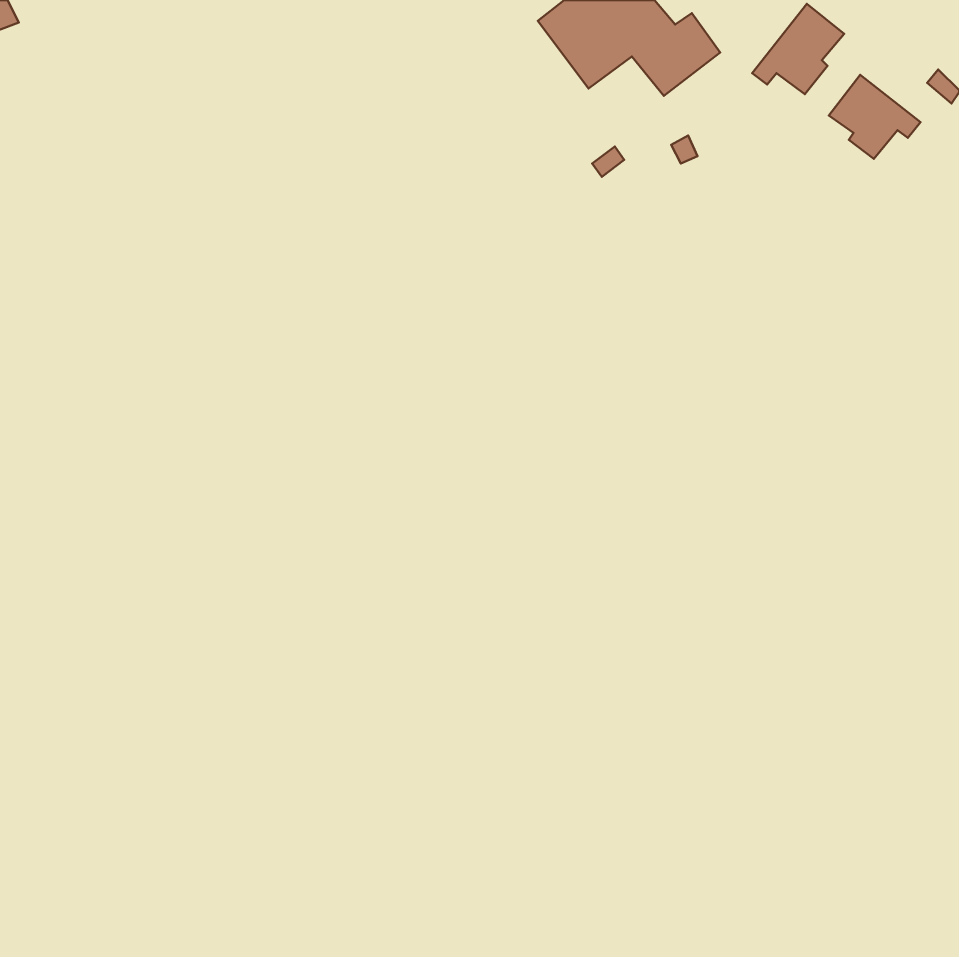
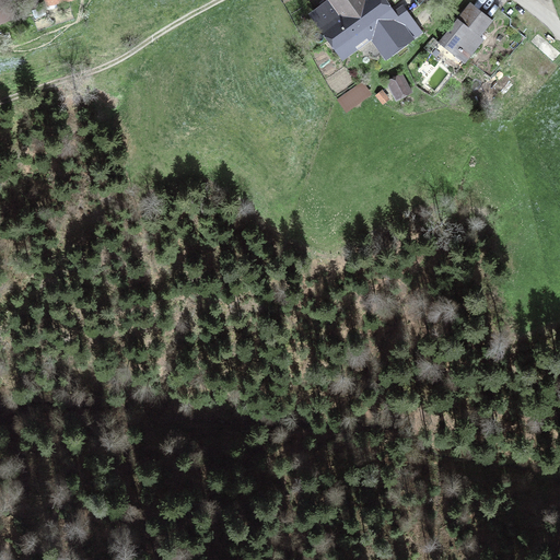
building: [829,75,921,159] -> none

